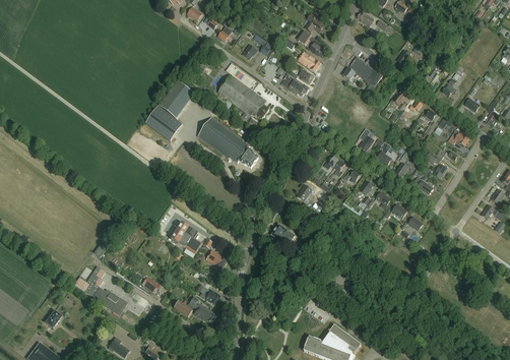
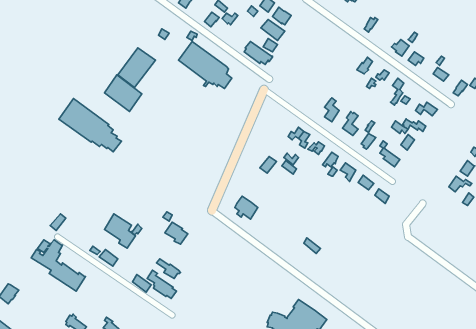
building: [342,57,382,95] -> none
building: [197,116,258,168] -> [59,98,121,152]
building: [170,222,200,255] -> [104,214,136,248]

